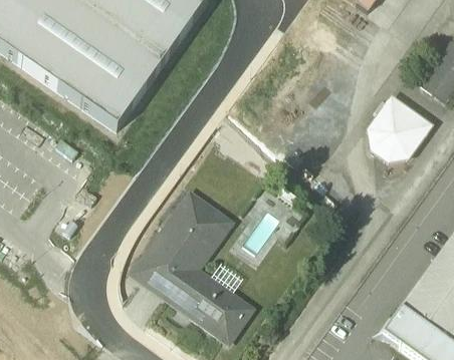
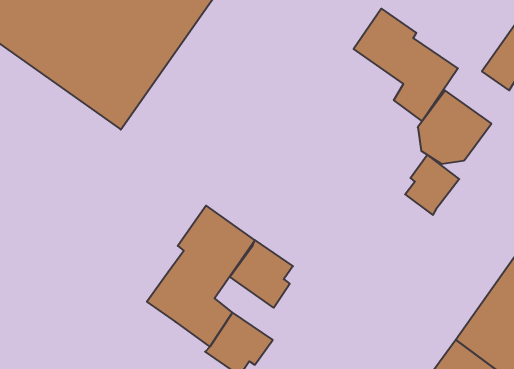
building: none -> [354,9,458,121]
building: none -> [405,155,459,215]
building: none -> [230,240,293,308]

